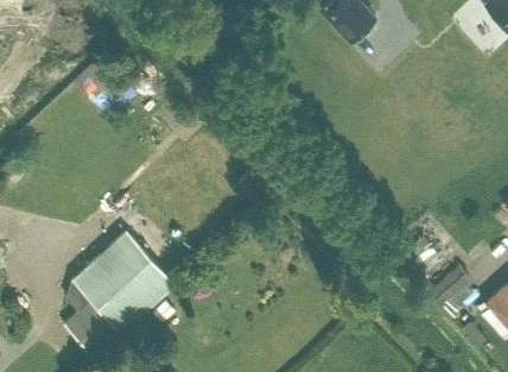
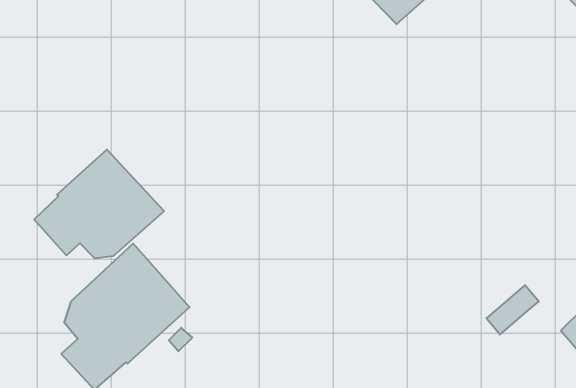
building: none -> [34,149,164,259]

